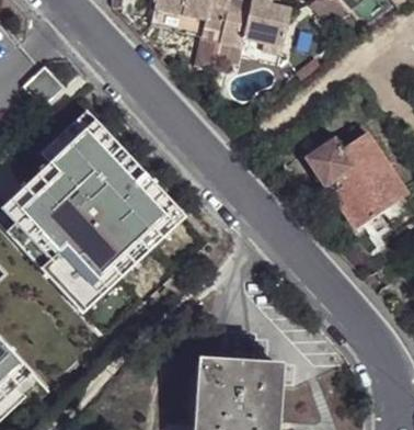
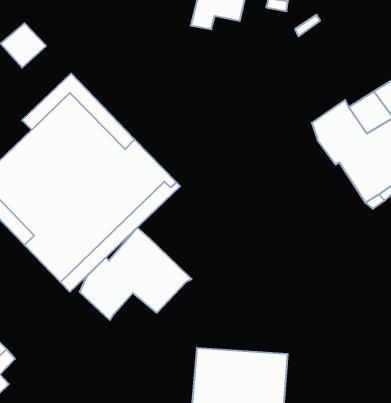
building: none -> [80,228,192,320]

